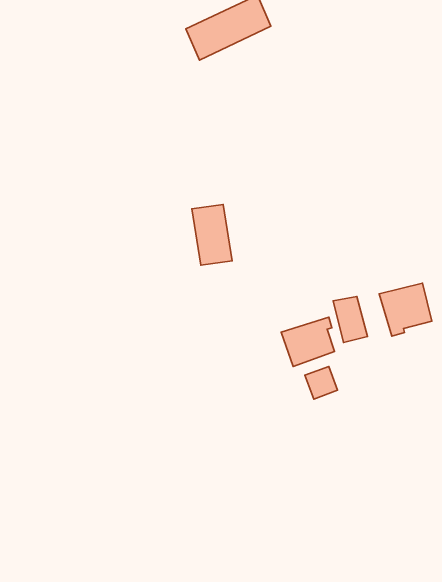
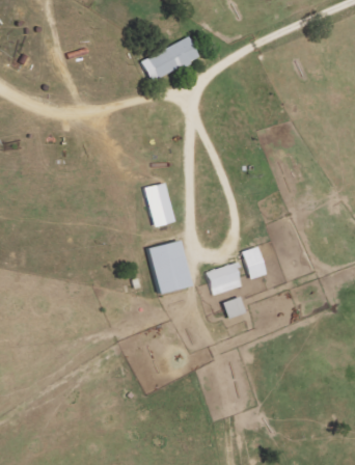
building: [379,283,432,336] -> none
building: none -> [146,240,190,294]

